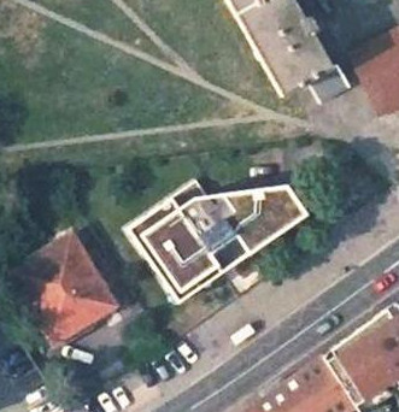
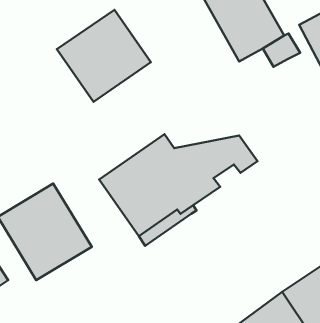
building: none -> [57,10,151,102]

